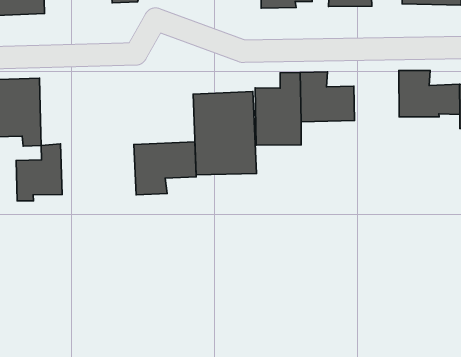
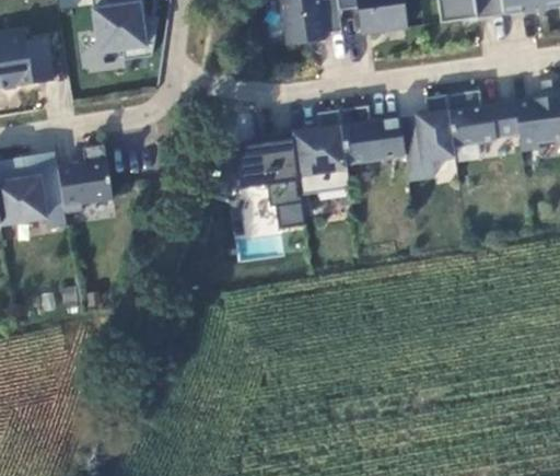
building: none -> [399,94,455,179]
building: [134,142,196,195] -> none
building: [16,144,62,201] -> [58,143,113,211]

